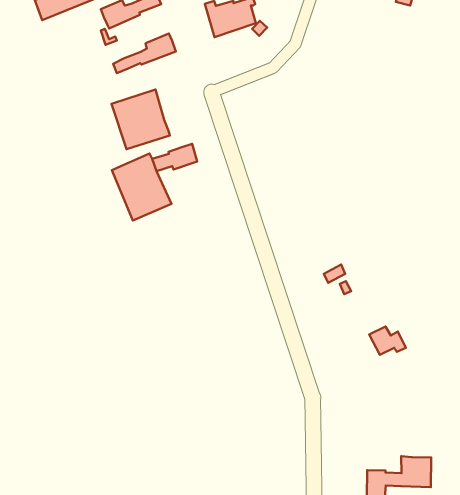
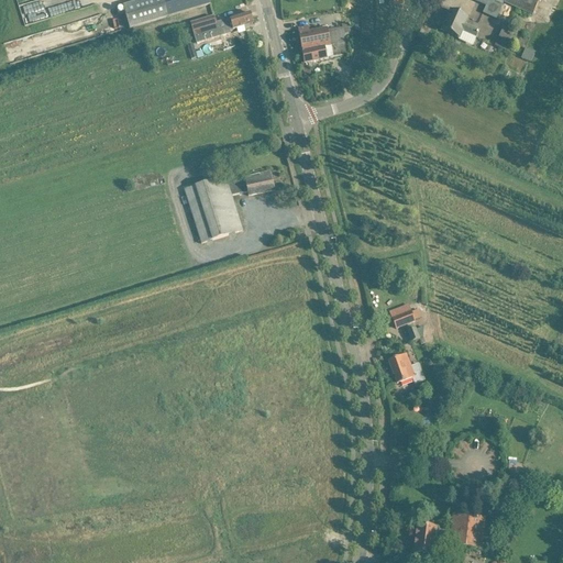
building: [113,34,176,73] -> none
building: [111,90,170,149] -> none
building: [369,326,406,355] -> [388,352,424,380]

